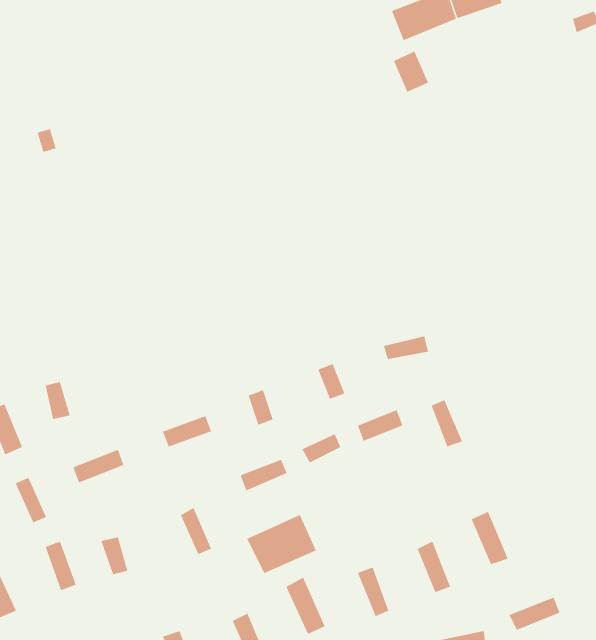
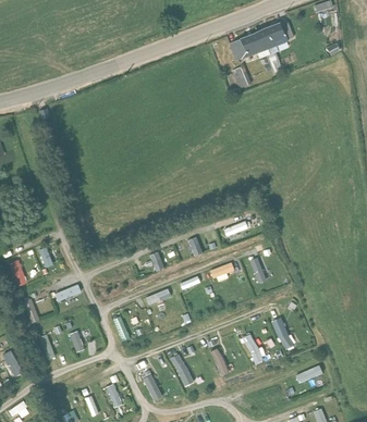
building: [246,514,317,574] -> none

